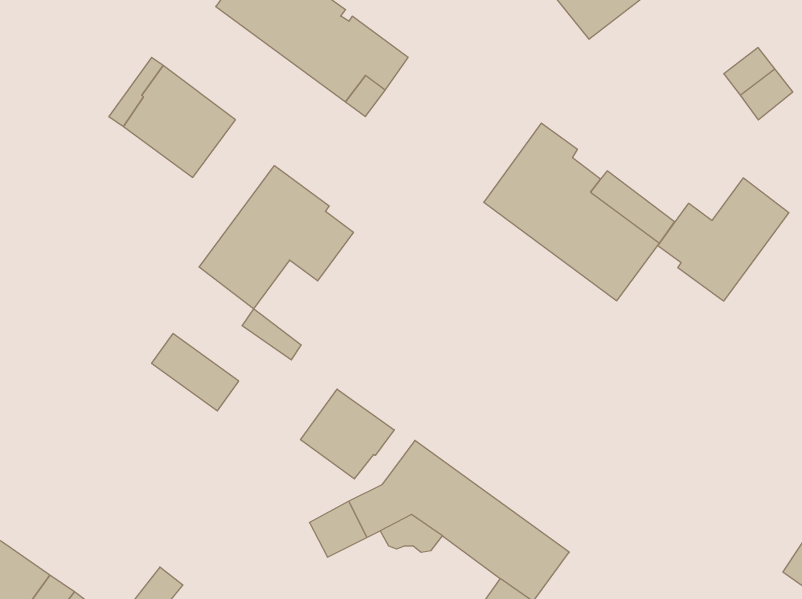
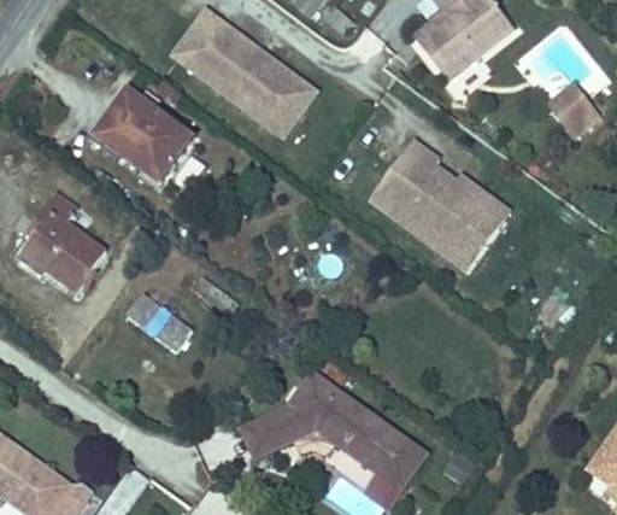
building: [199,166,353,309] -> none
building: [658,178,789,301] -> none
building: none -> [22,191,106,291]
building: [301,389,394,479] -> none

